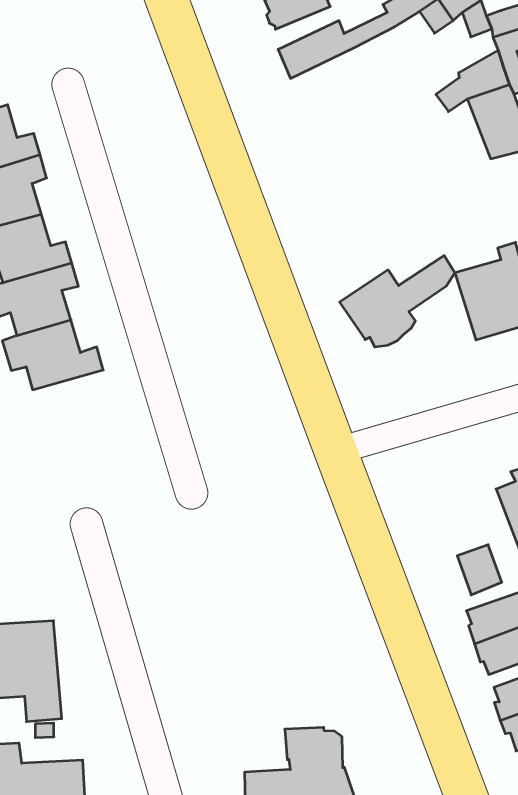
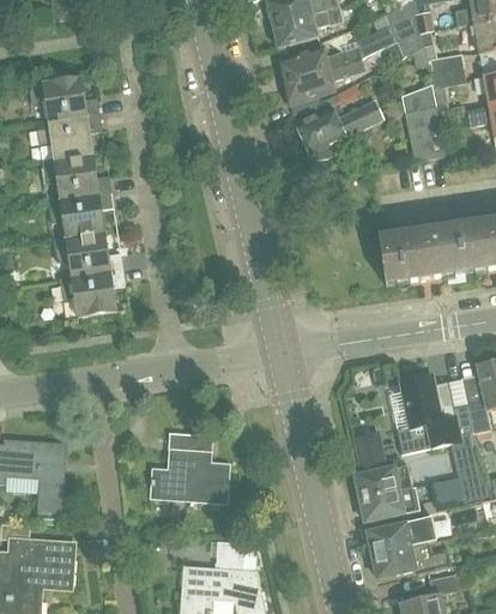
building: none -> [282,56,362,103]
building: [340,256,455,347] -> [294,101,377,158]
building: none -> [59,270,125,317]
building: none -> [149,432,228,502]

